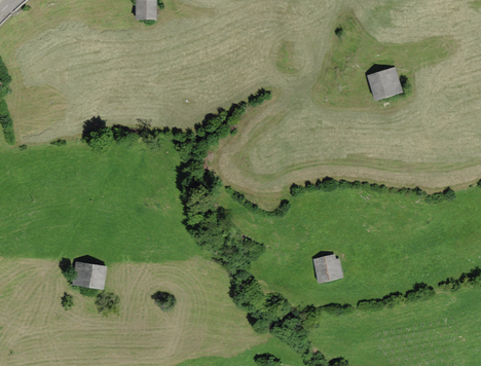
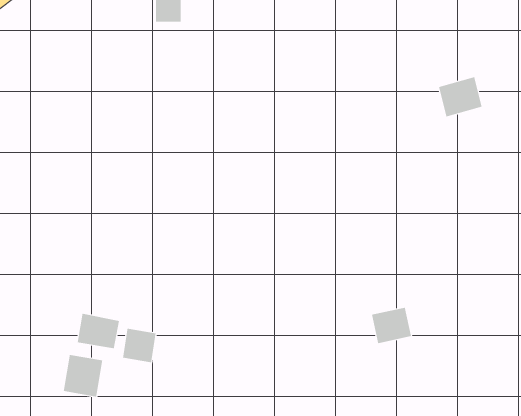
building: none -> [122,328,156,363]
building: none -> [63,354,103,397]

